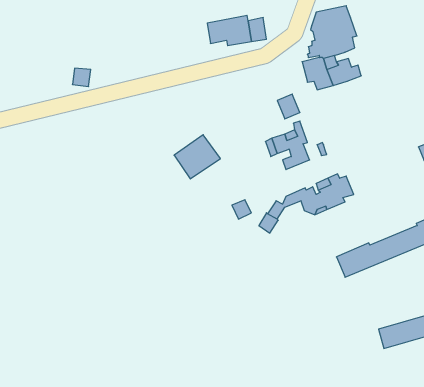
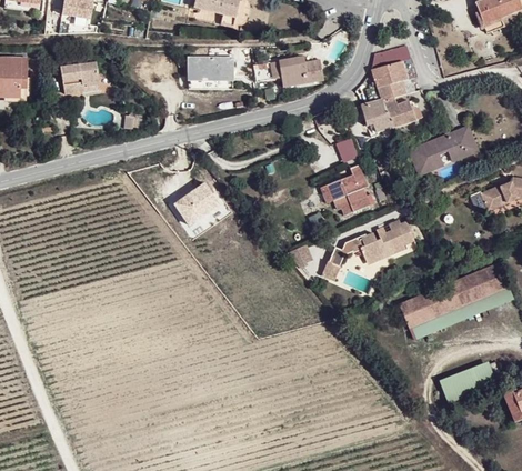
building: none -> [188,58,233,90]
building: none -> [60,61,100,94]
building: none -> [410,126,478,173]
building: [174,135,220,179] -> [174,181,222,227]

